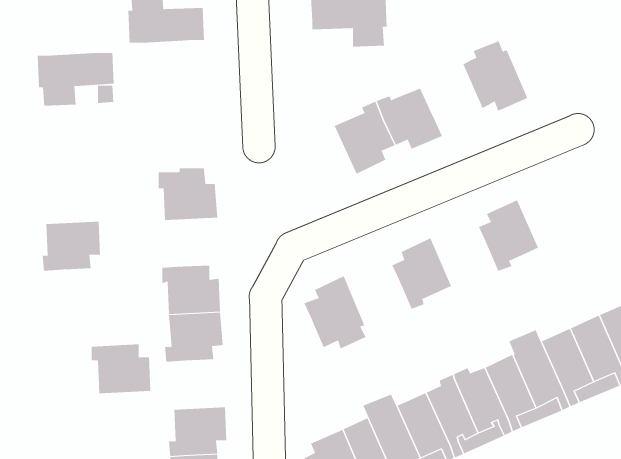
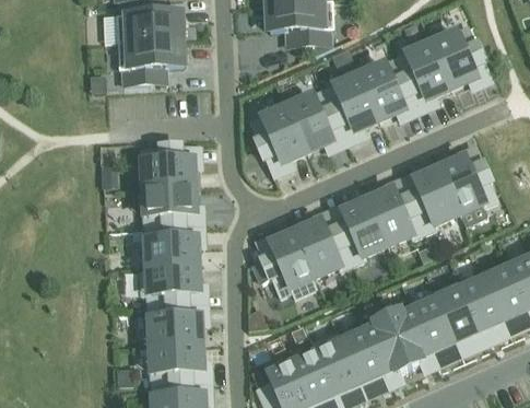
building: none -> [432,23,485,83]
building: [37,52,114,106] -> [117,35,181,80]
building: none -> [360,55,411,115]
building: none -> [249,106,306,158]
building: none -> [440,156,496,208]
building: [42,221,101,271] -> [143,183,192,224]
building: none -> [368,188,424,240]
building: none -> [296,220,352,272]
building: [91,344,151,394] -> [148,301,198,342]

